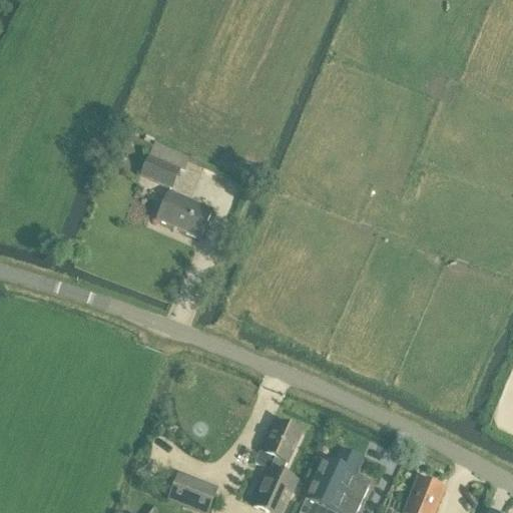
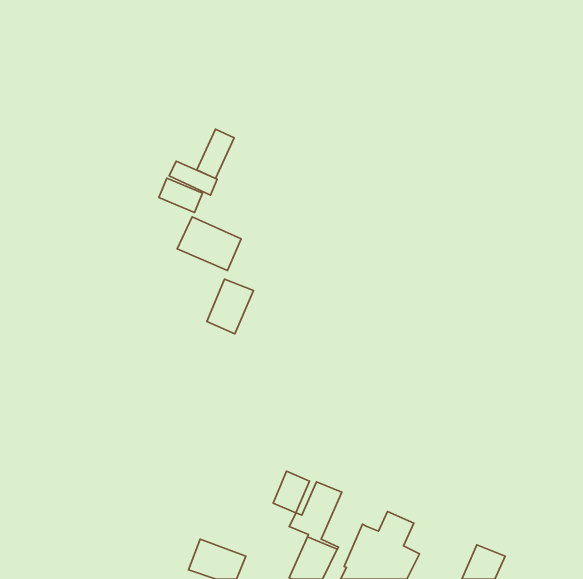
building: none -> [197,129,234,179]
building: none -> [207,279,254,334]
building: none -> [273,471,309,513]

